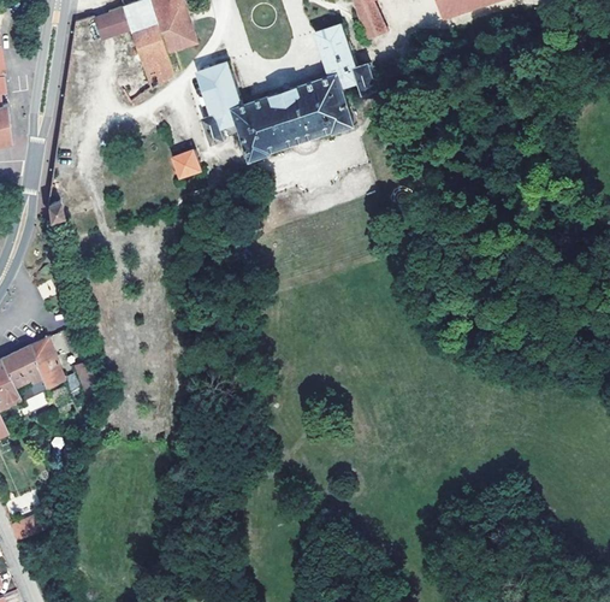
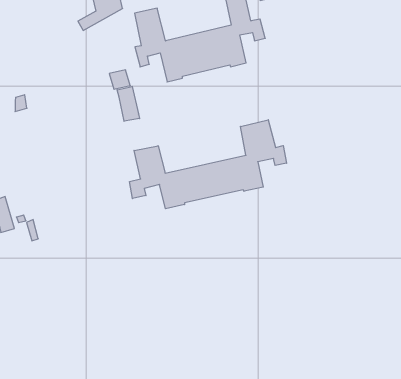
building: none -> [117,86,140,121]
building: none -> [130,120,287,209]

